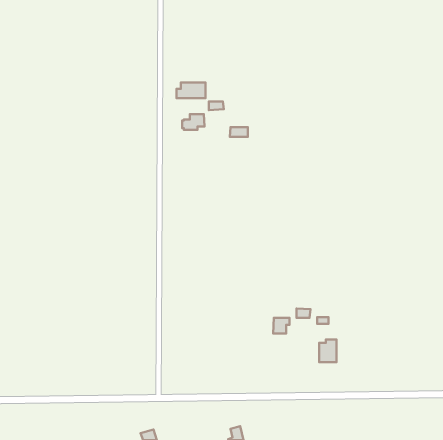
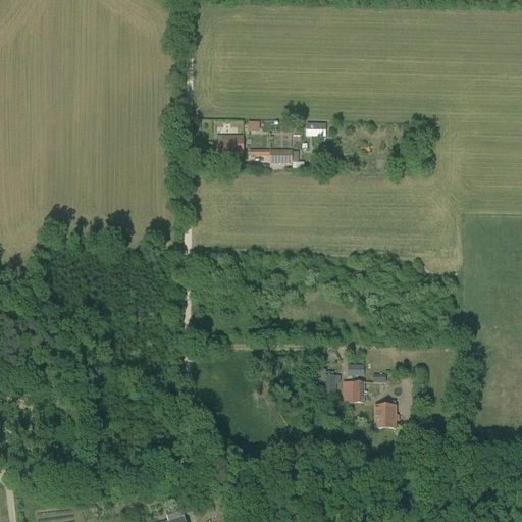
building: [177,83,205,98] -> none
building: none -> [343,379,365,401]

